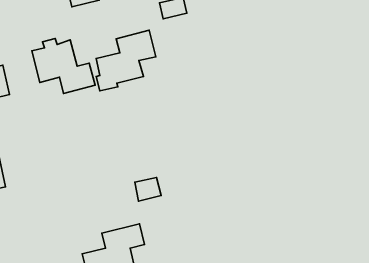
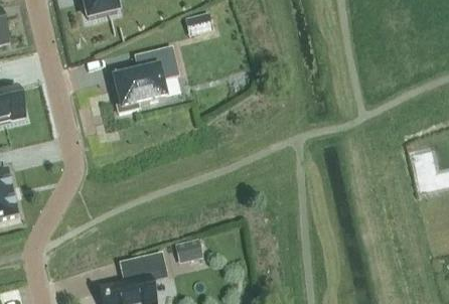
building: [32,39,95,93] -> none
building: [135,177,161,201] -> [174,238,202,263]

